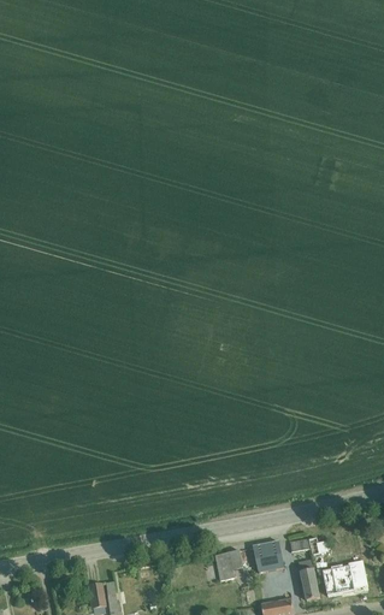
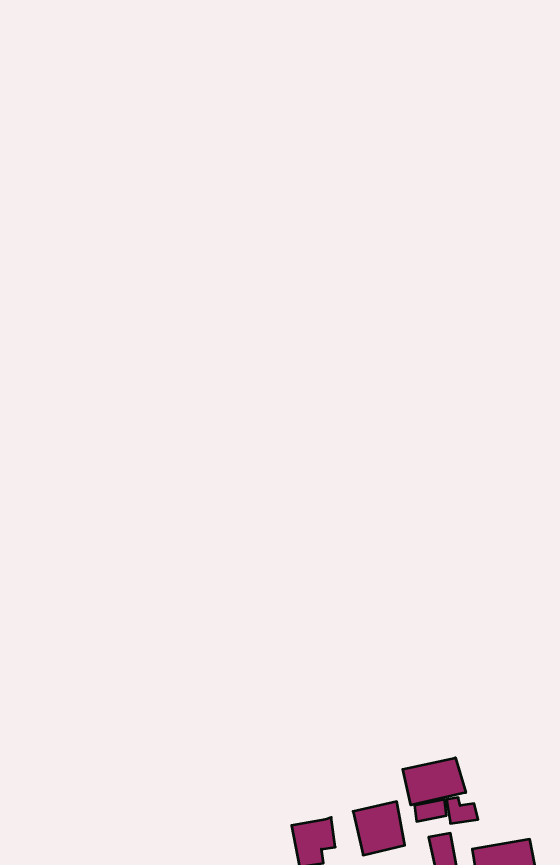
building: none -> [403,758,466,805]

